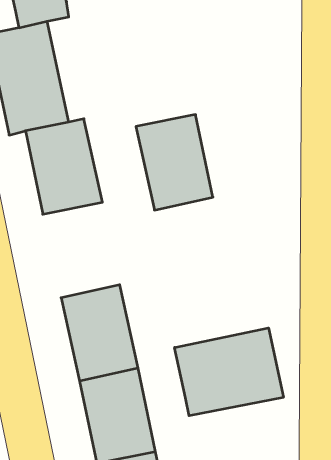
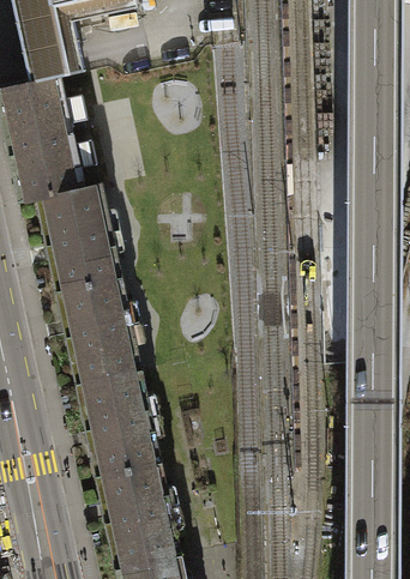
building: [136,115,213,210] -> [56,277,141,382]
building: [175,328,283,416] -> none

